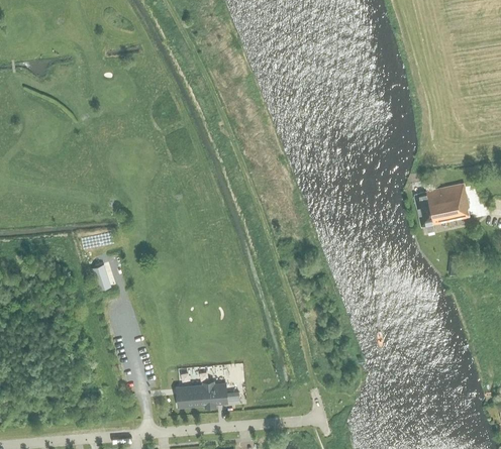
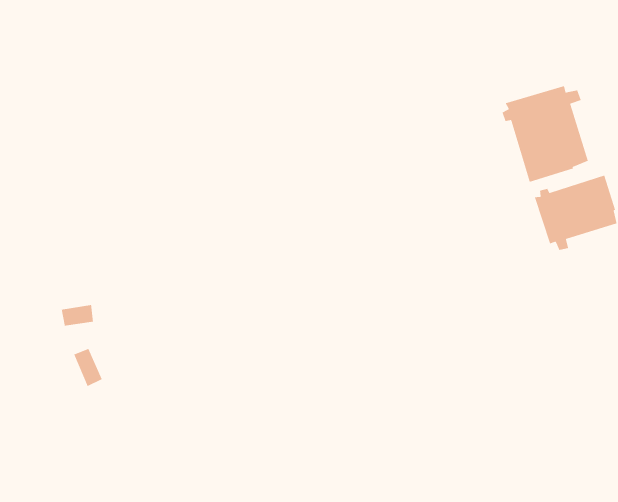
building: none -> [501,85,589,183]

